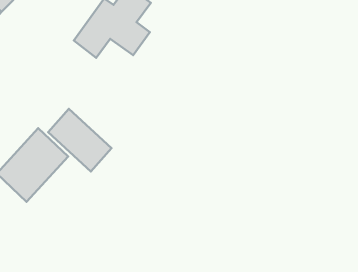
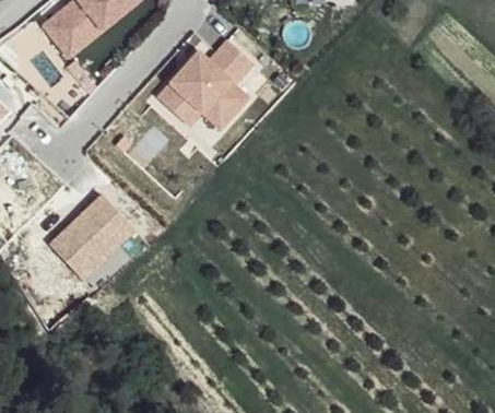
building: [48,109,112,171] -> none

